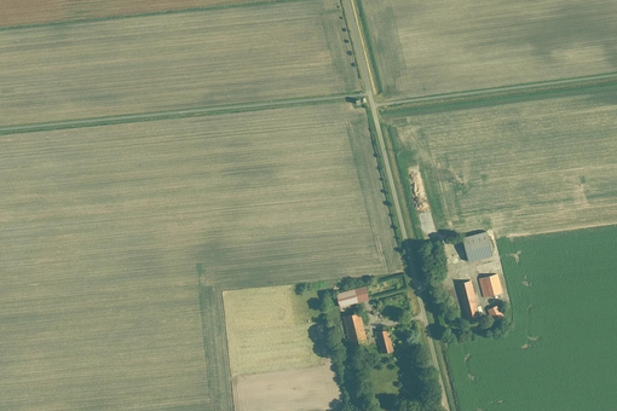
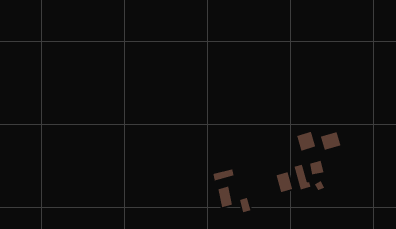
building: none -> [320,131,341,151]
building: none -> [276,171,293,193]

